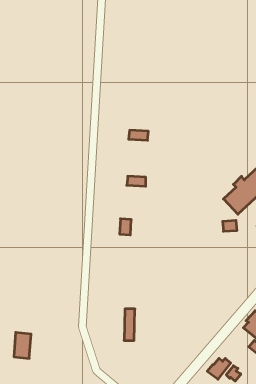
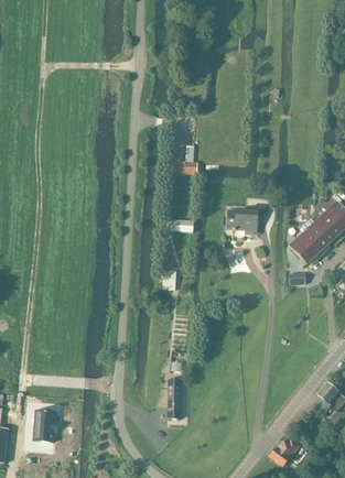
building: none -> [226,205,265,235]

